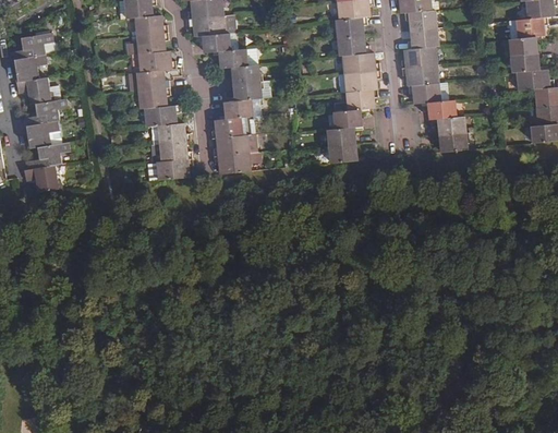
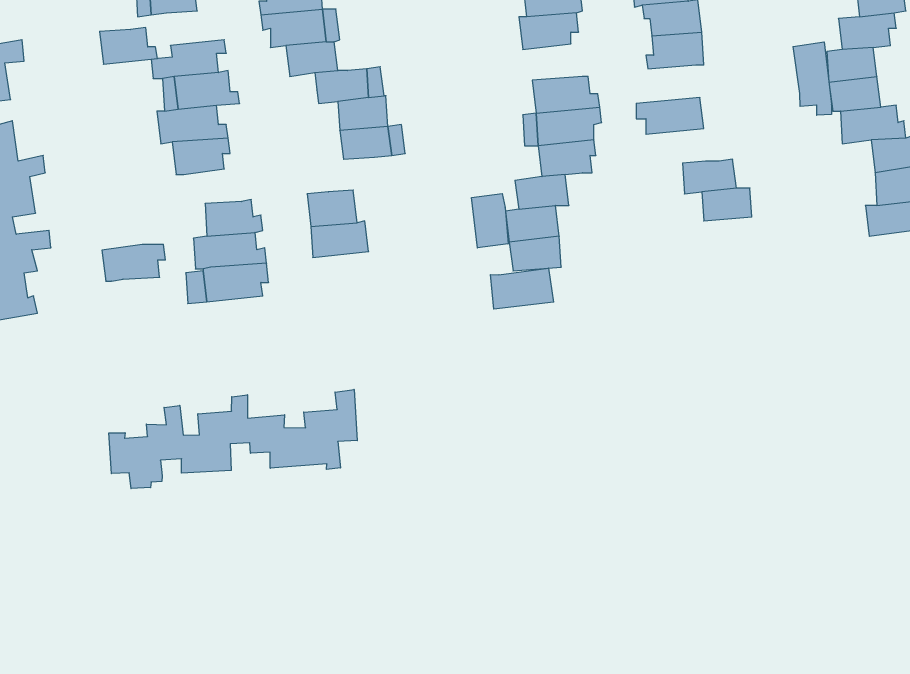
building: [134,14,167,35] -> [100,28,157,64]
building: none -> [793,42,831,115]
building: [336,34,369,56] -> none
building: [399,46,436,68] -> none
building: [405,82,439,104] -> none
building: [223,98,253,118] -> none
building: [144,105,180,125] -> [102,244,165,281]
building: none -> [472,194,508,248]
building: [438,132,468,152] -> none
building: [217,152,259,173] -> none
building: none -> [490,268,554,309]
building: none -> [109,389,357,489]

